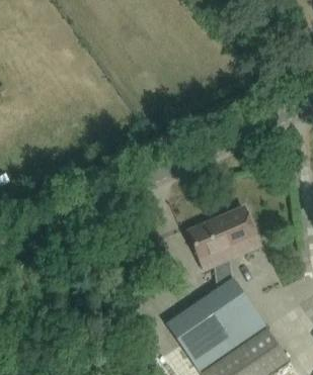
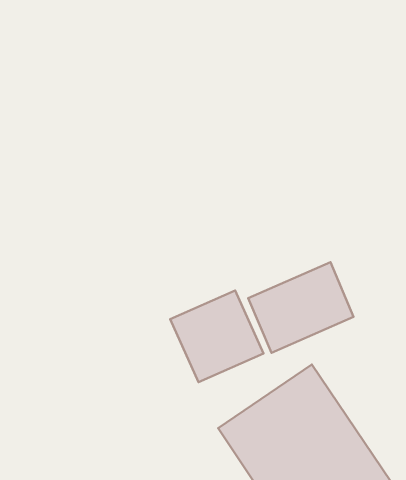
building: none -> [170,291,264,382]

